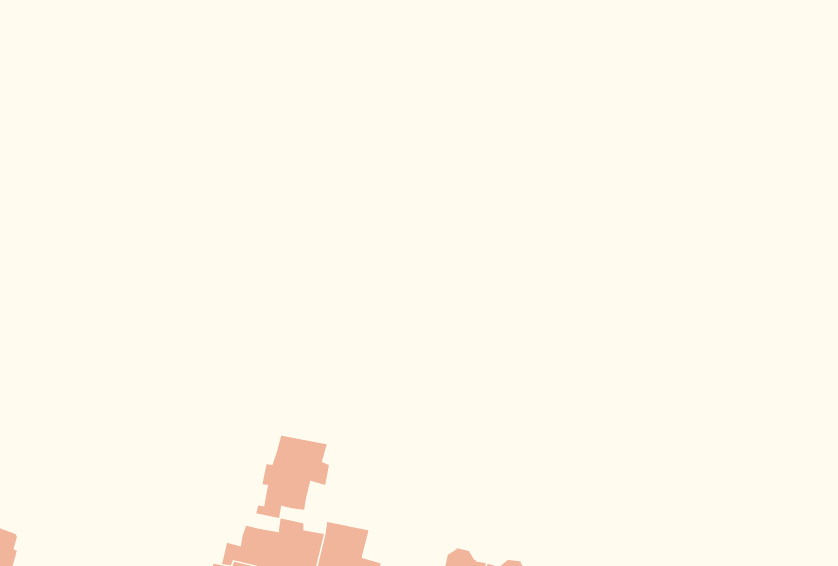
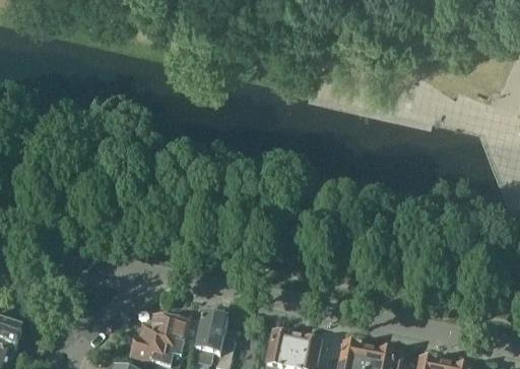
building: [255,435,330,519] -> none

